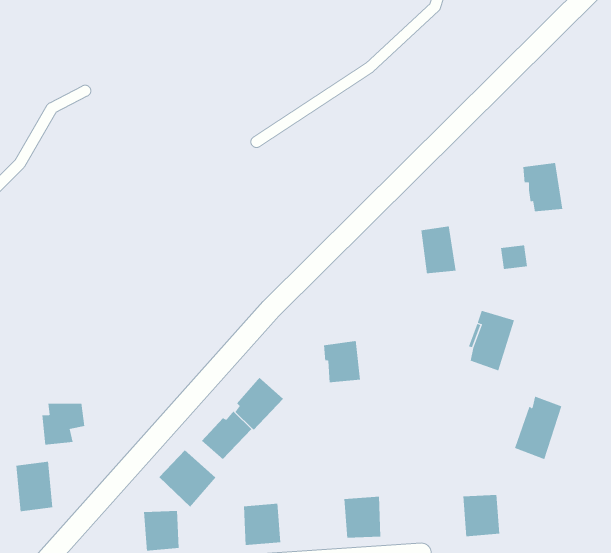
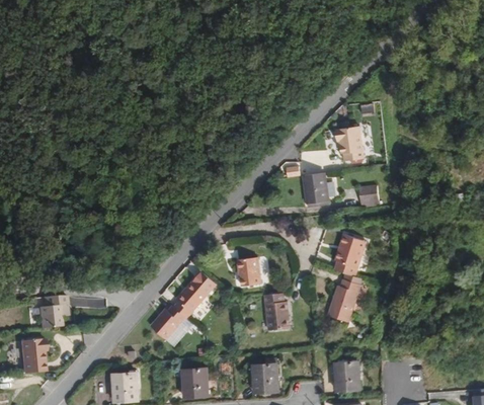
building: [522,163,563,212] -> [336,128,365,162]
building: none -> [265,292,291,329]
building: [514,396,562,460] -> [329,278,362,323]
building: [158,449,216,508] -> none

